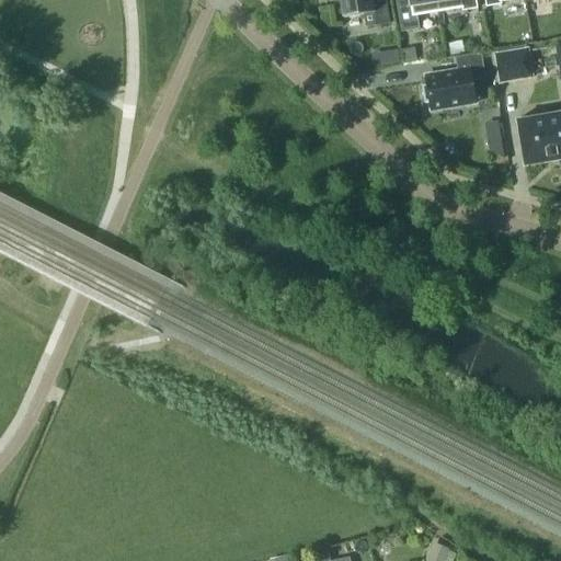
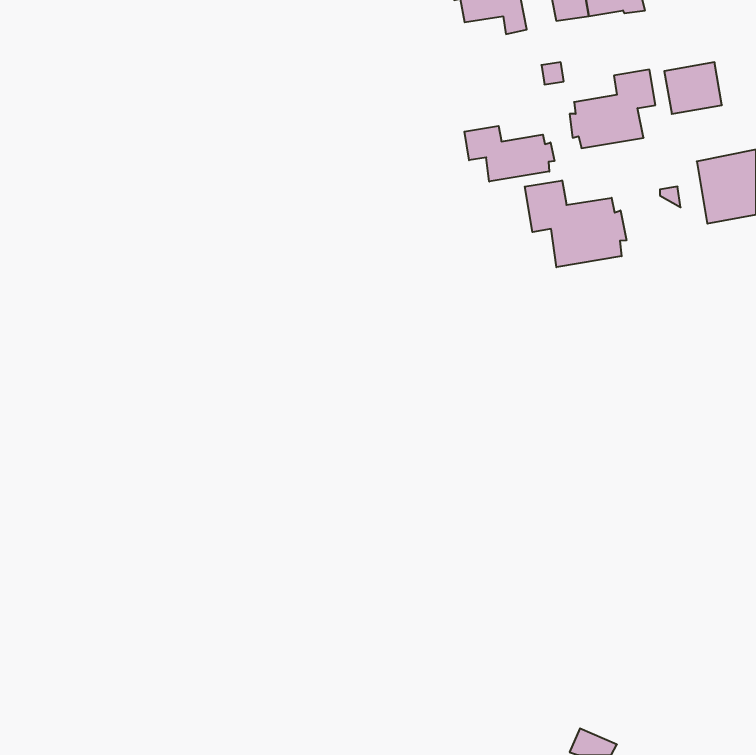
building: none -> [464,126,554,182]
building: none -> [525,180,626,267]

